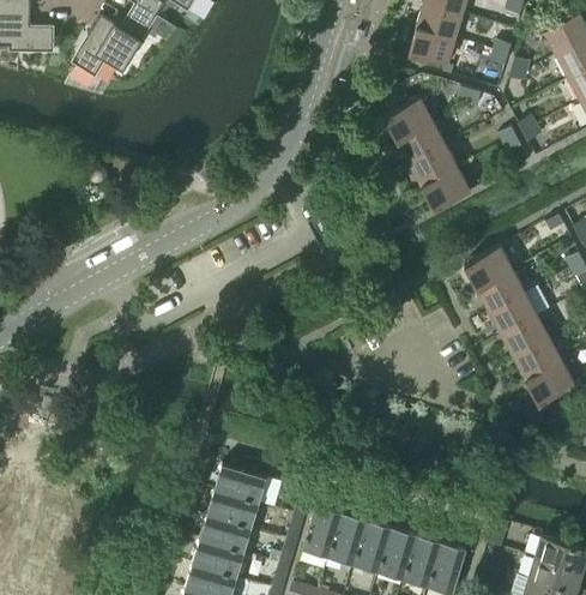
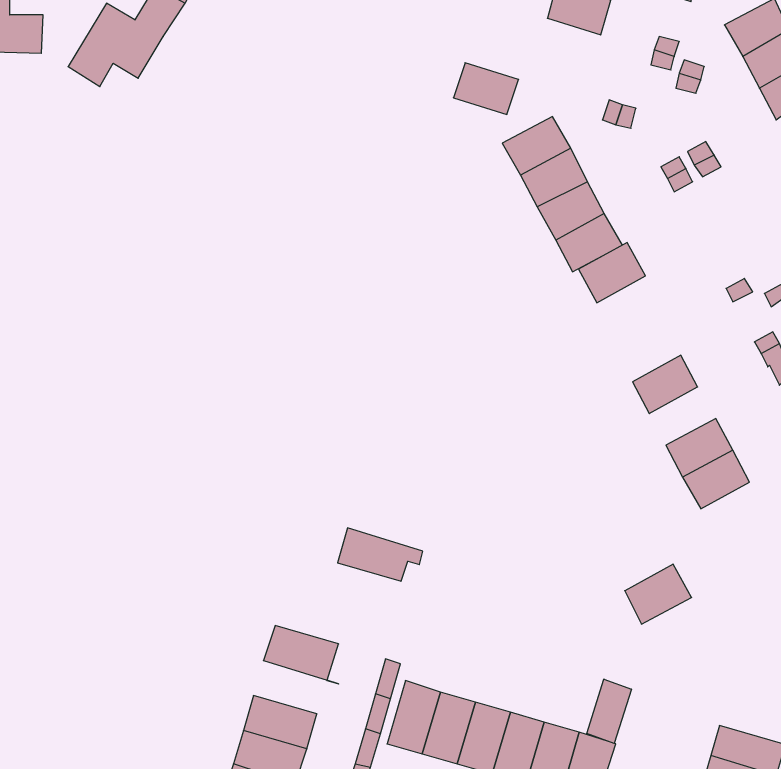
building: [409,29,455,66] -> [453,63,519,114]
building: [465,247,513,290] -> [579,243,645,303]
building: [490,288,550,336] -> none
building: [527,362,575,405] -> [625,564,692,624]
building: [206,491,267,529] -> [338,528,423,581]
building: none -> [587,679,631,743]

